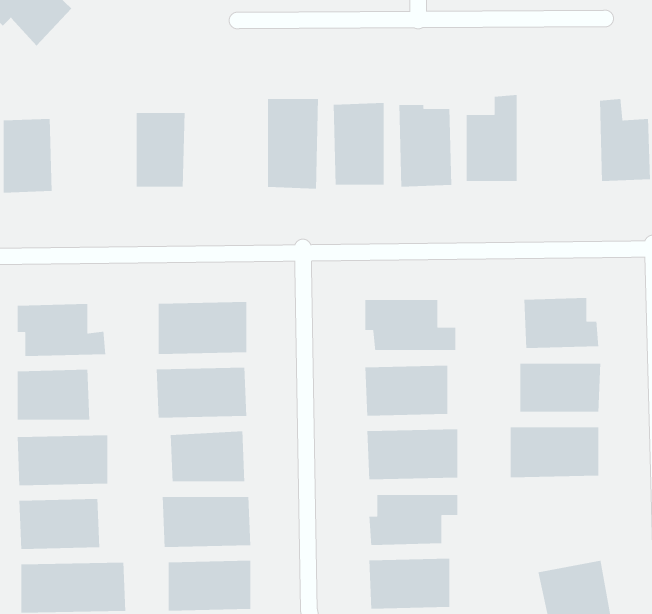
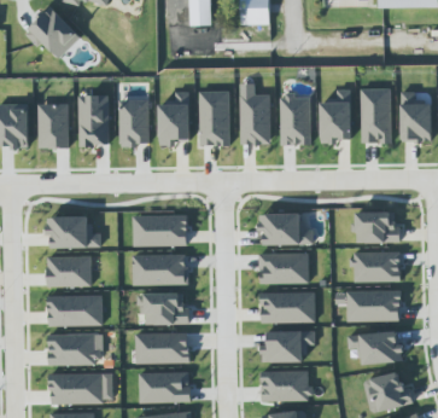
building: none -> [361,88,391,143]
building: none -> [158,92,191,145]
building: none -> [78,94,109,146]
building: none -> [348,331,401,364]

